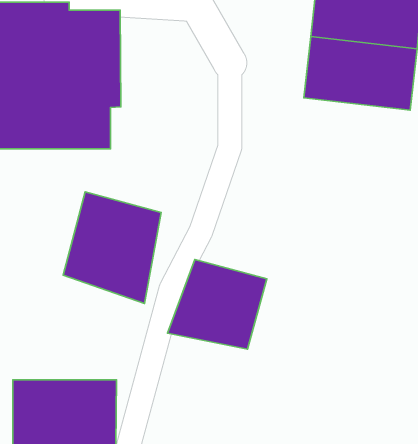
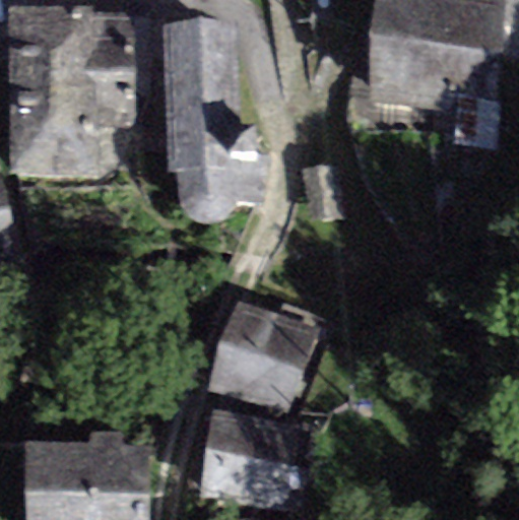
building: none -> [164,21,263,223]
building: [63,192,161,304] -> none
building: none -> [200,408,303,508]

